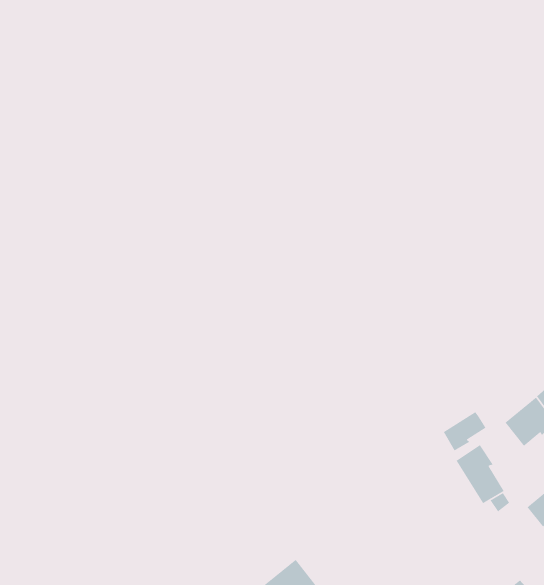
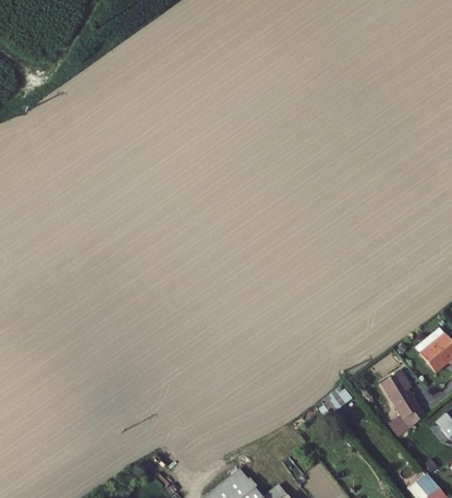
building: [443,411,486,452] -> none

